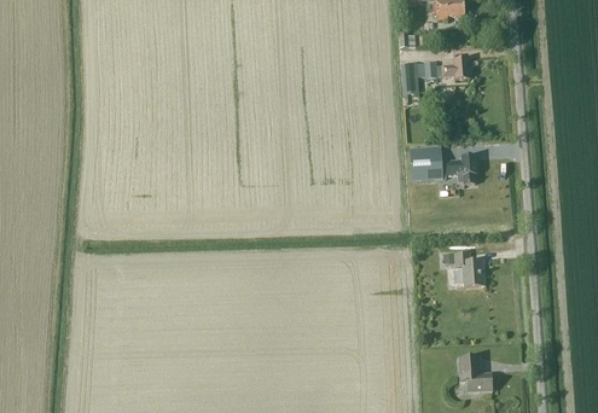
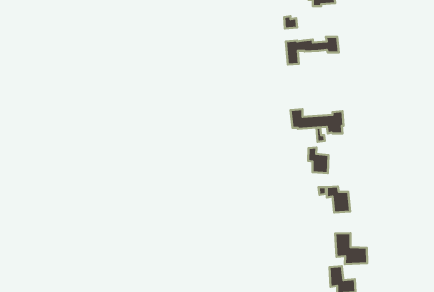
building: none -> [308,147,328,173]
building: none -> [335,233,367,264]

